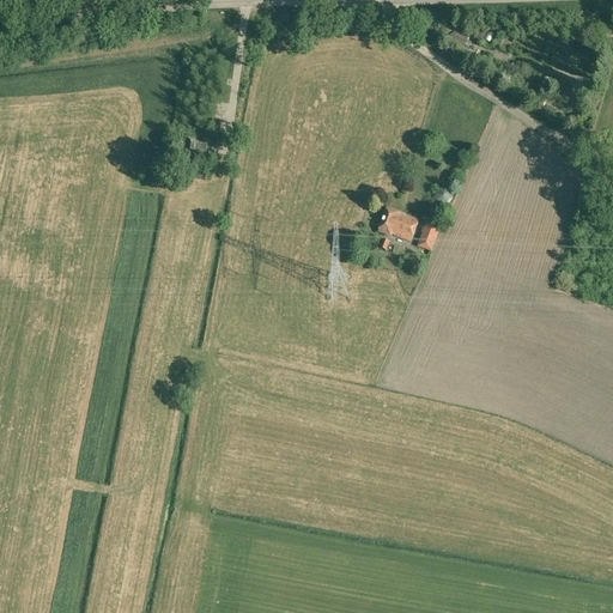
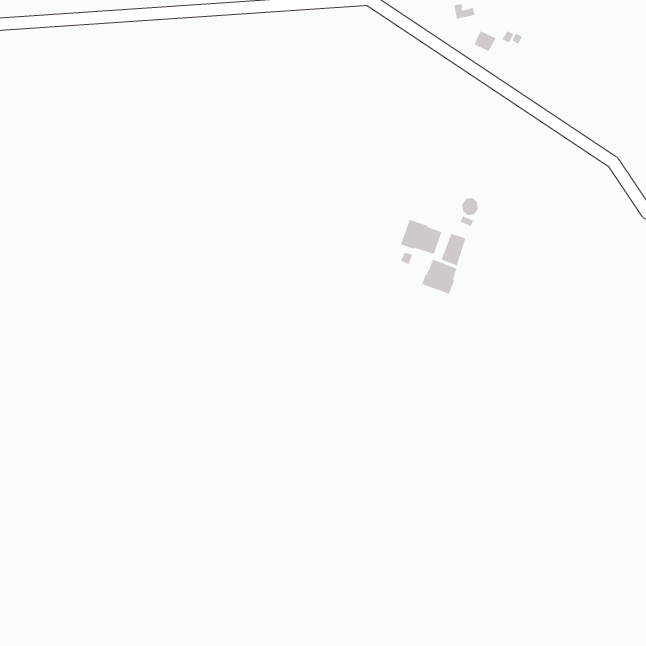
building: none -> [422,259,457,294]

